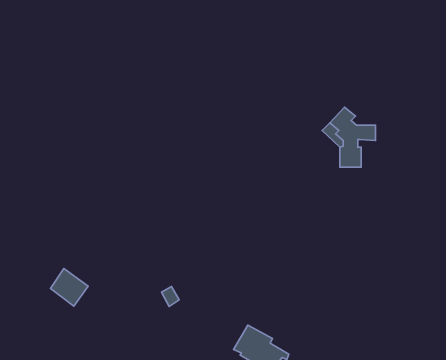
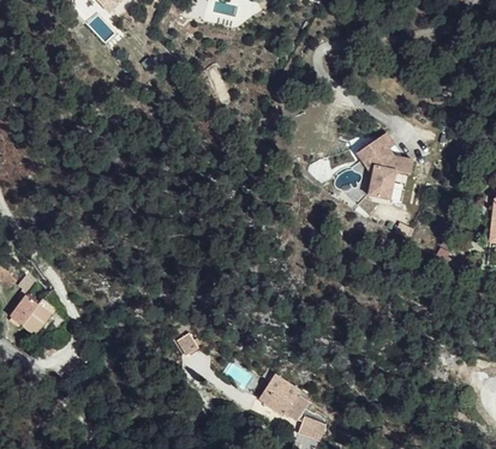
building: [50,268,88,306] -> [10,292,50,333]

